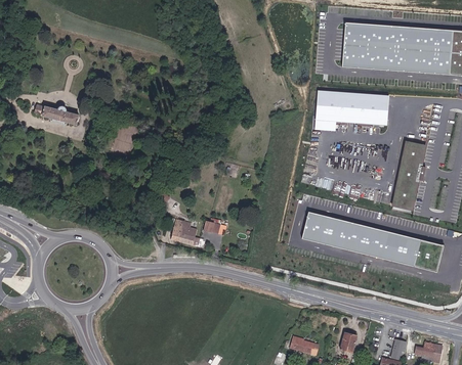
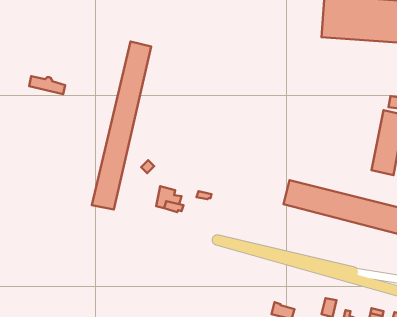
building: none -> [92,42,151,210]
building: [314,90,389,131] -> none

